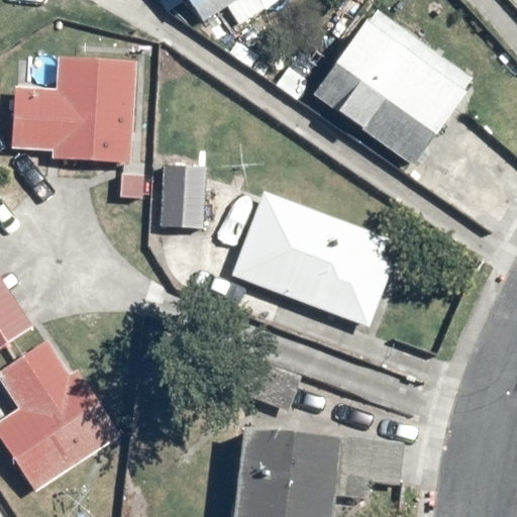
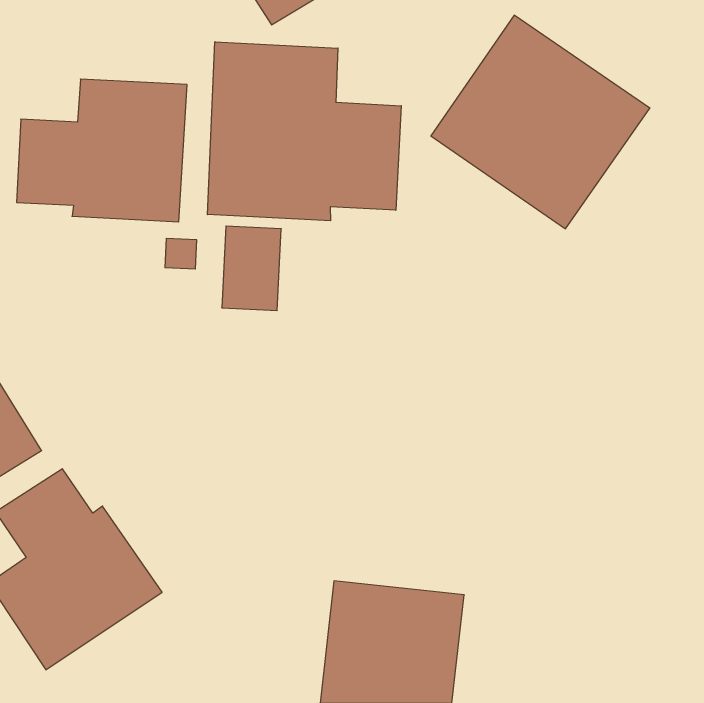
building: none -> [207,42,401,221]
building: [231,192,392,328] -> none

